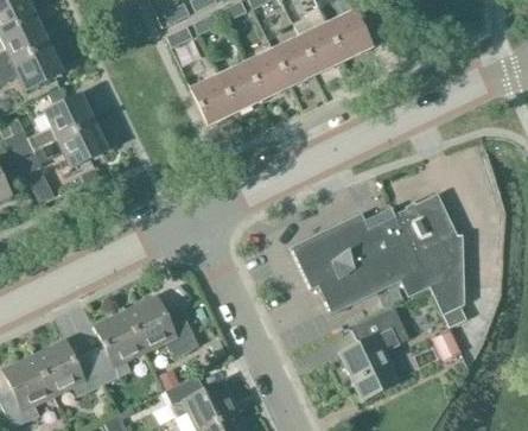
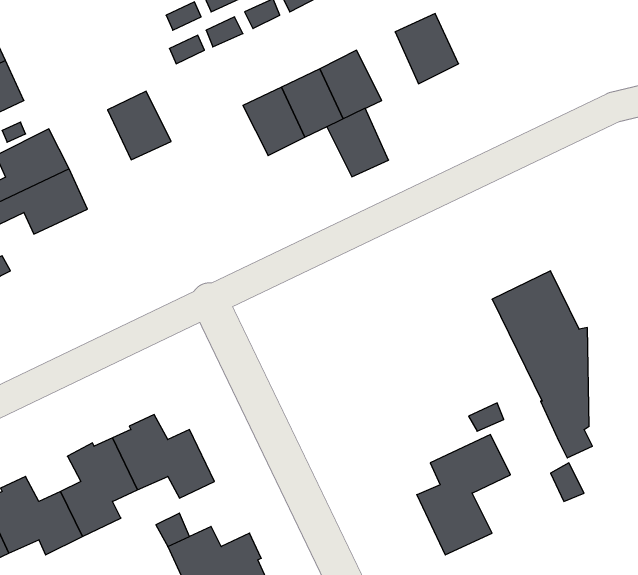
building: [298,24,342,72] -> [327,108,389,177]
building: [190,76,235,125] -> [108,91,171,160]
building: [290,213,430,312] -> none

